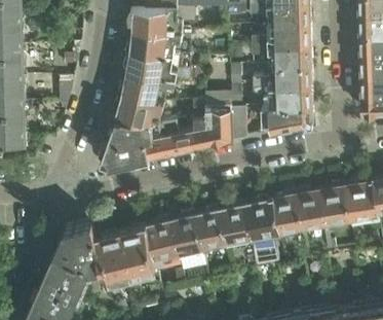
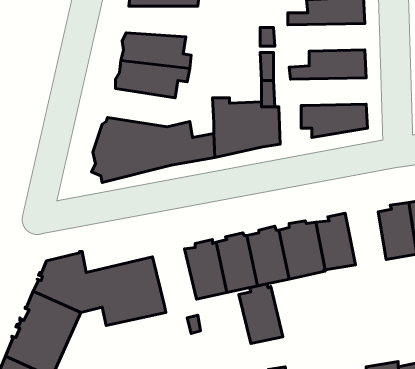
building: [126,34,183,58] -> none
building: [253,47,312,69] -> none
building: [255,90,313,111] -> none
building: [113,98,165,128] -> none
building: [297,192,329,235] -> none
building: [148,220,182,266] -> [239,284,283,344]

